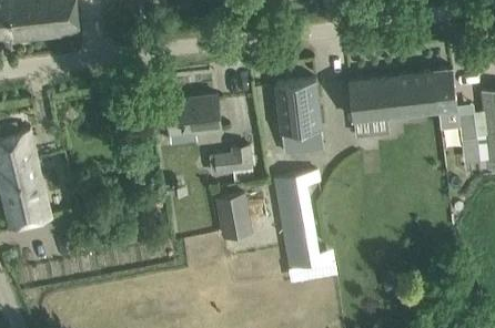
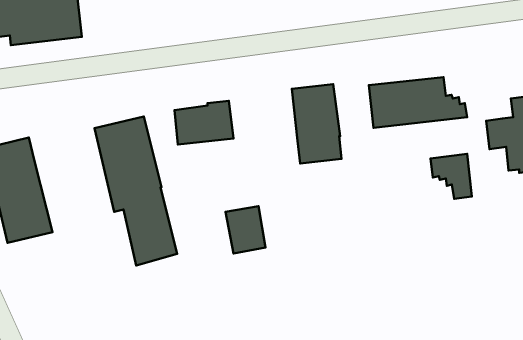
building: [418,69,457,111] -> [430,154,472,199]
building: none -> [94,117,177,265]
building: [210,146,252,176] -> none
building: [274,172,334,278] -> none

